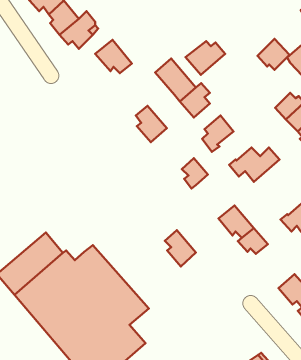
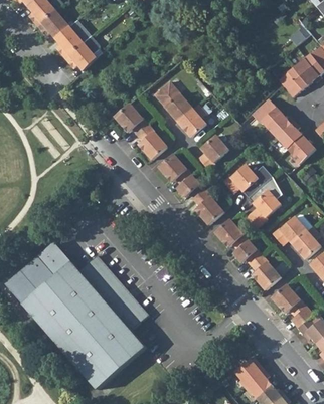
building: [257,39,290,70] -> [251,98,281,128]
building: [95,40,132,73] -> [113,104,147,135]
building: [186,41,225,75] -> none
building: none -> [157,154,190,185]
building: none -> [250,190,278,223]
building: [165,230,196,267] -> [192,190,221,224]
building: none -> [249,255,278,288]

